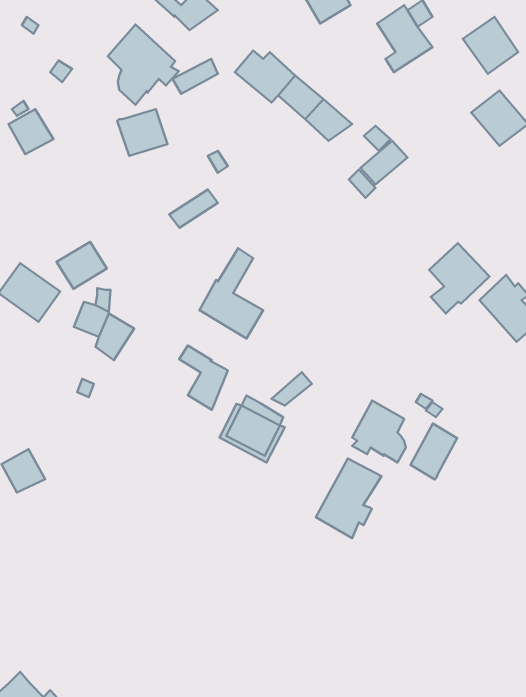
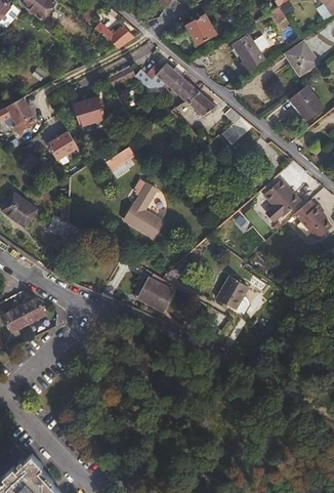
building: [108,25,179,105] -> none
building: [57,242,107,289] -> [47,132,78,161]
building: [179,346,228,410] -> none
building: [410,423,457,479] -> none
building: none -> [18,297,45,324]
building: [316,458,381,538] -> none

